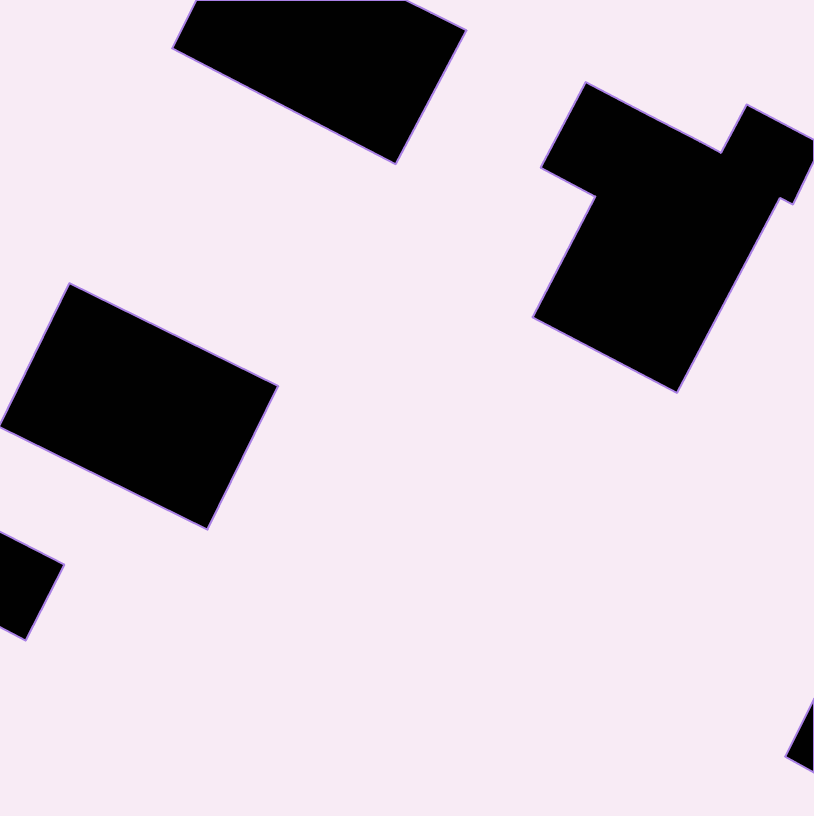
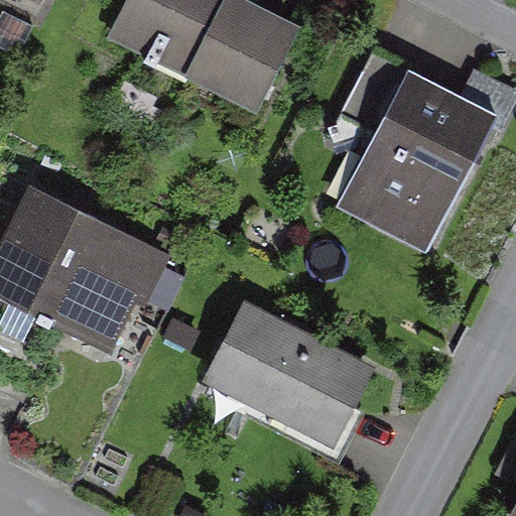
building: none -> [202,311,365,461]

